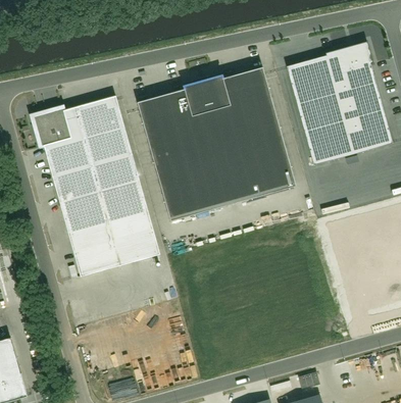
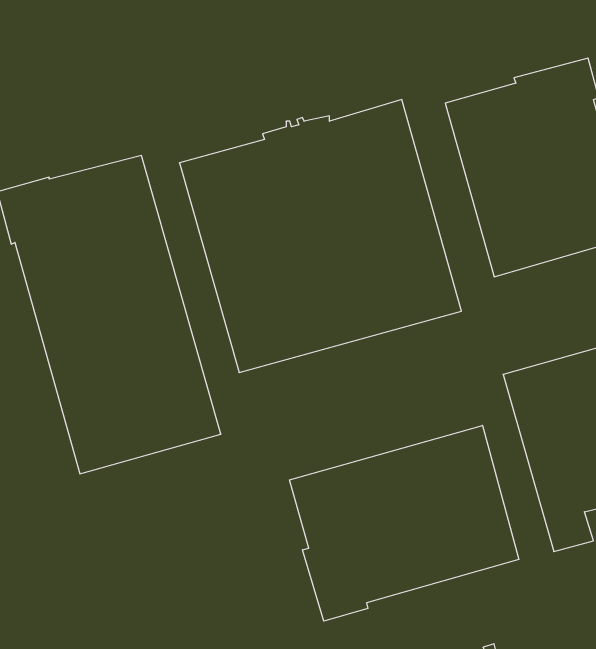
building: none -> [290,425,519,621]

